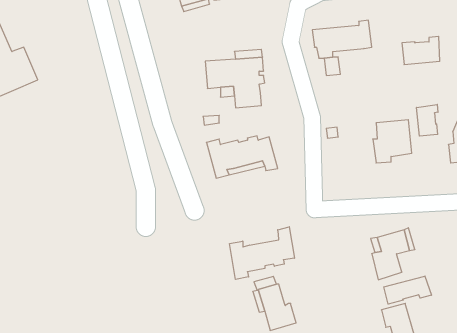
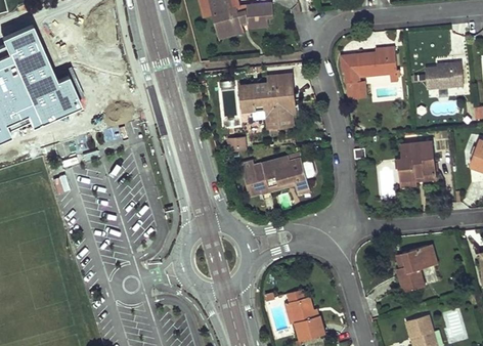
building: [417,104,438,136] -> none
building: [230,227,294,279] -> none
building: [384,276,431,304] -> none

